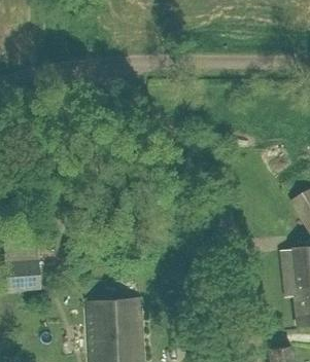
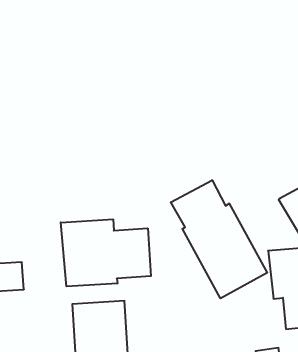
building: none -> [171,180,267,298]
building: none -> [61,219,151,286]

